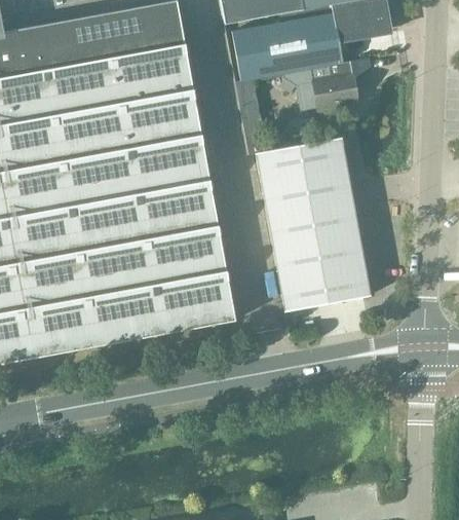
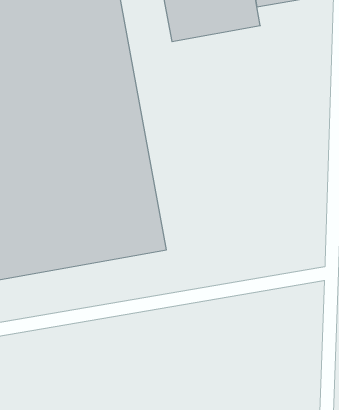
building: [282,58,368,110] -> none
building: [256,137,369,310] -> none

